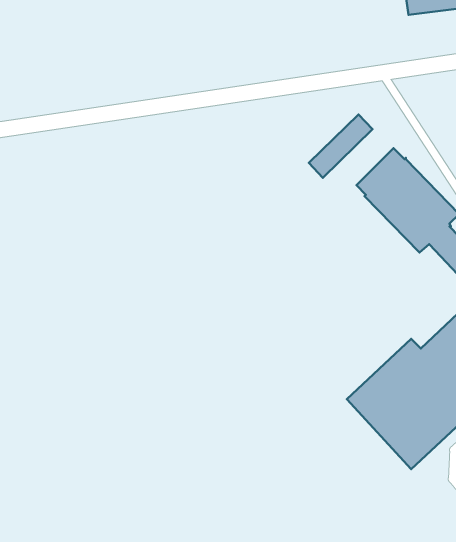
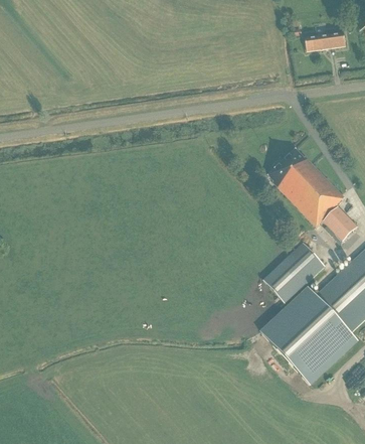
building: [309,114,372,178] -> none
building: none -> [262,244,324,303]

